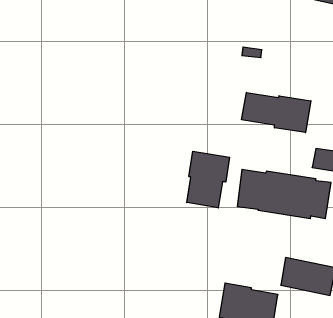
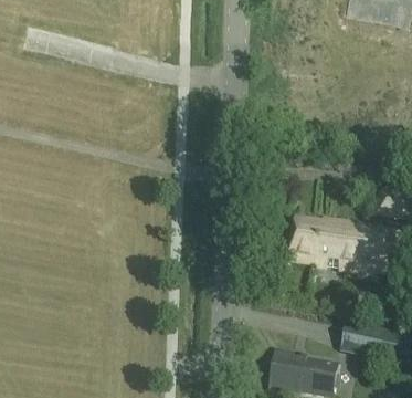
building: [242,92,311,133] -> none
building: [187,151,229,208] -> none

